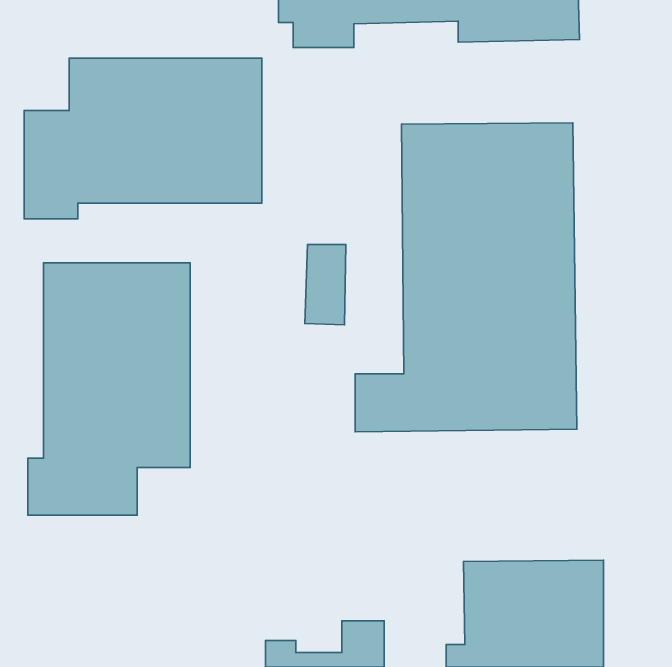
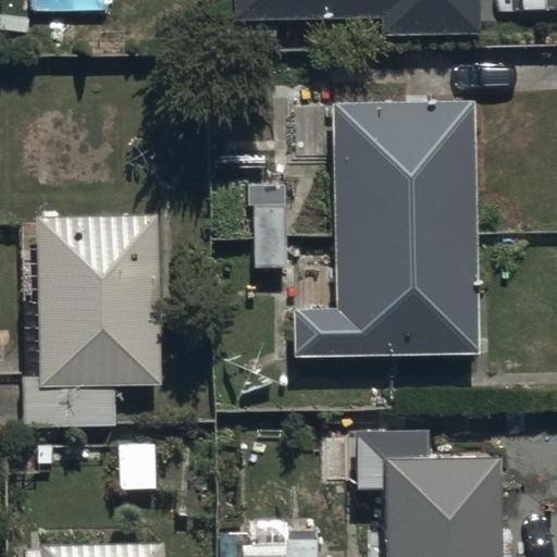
building: [24,58,262,219] -> none

